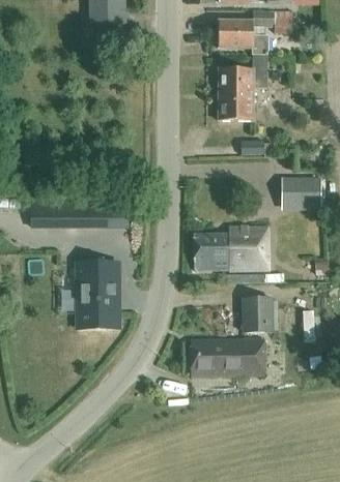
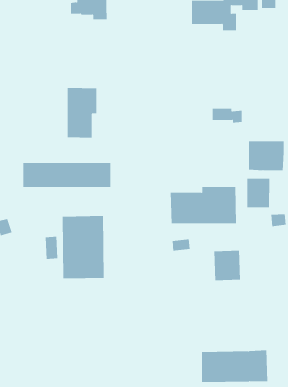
building: [219,57,267,121] -> none
building: none -> [67,87,97,139]
building: none -> [247,178,270,208]
building: [191,339,265,375] -> [201,350,268,383]

